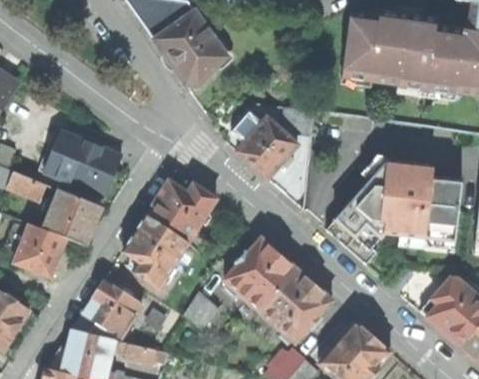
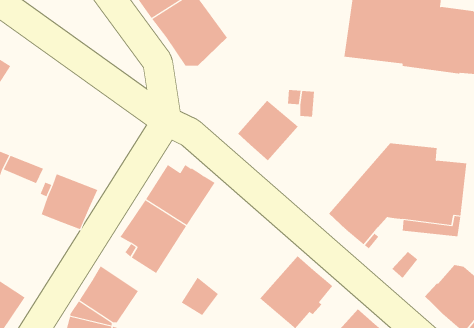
building: [38,129,121,197] -> none
building: [14,224,65,277] -> none
building: [223,239,296,312] -> none

